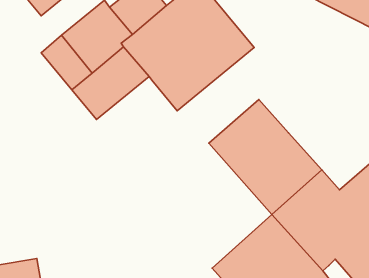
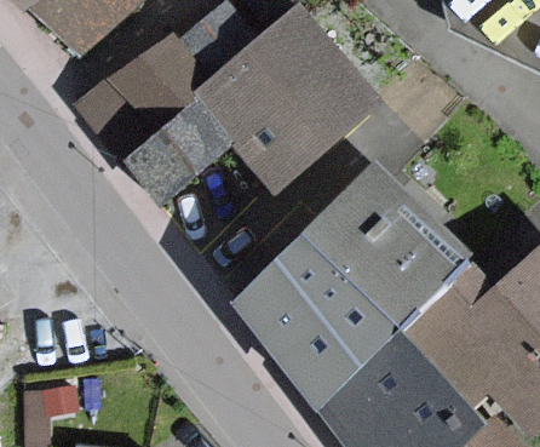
building: none -> [231,231,401,403]

